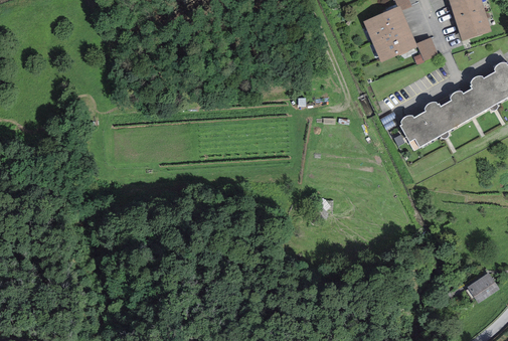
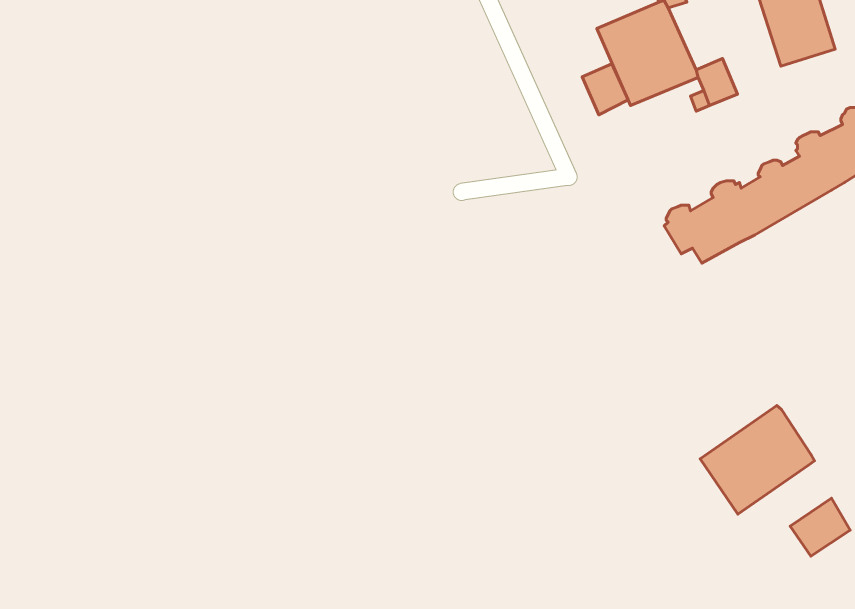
building: none -> [582,64,628,115]
building: none -> [700,405,815,514]

